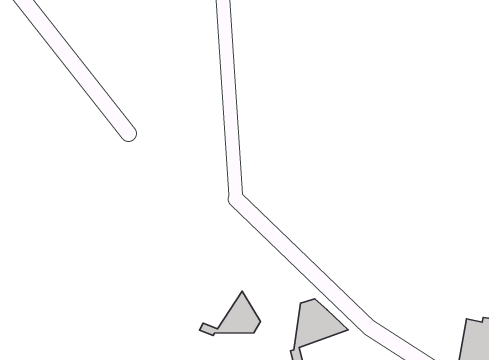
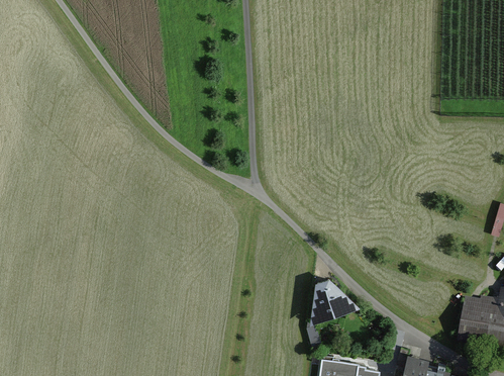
building: [200,291,260,336] -> none

